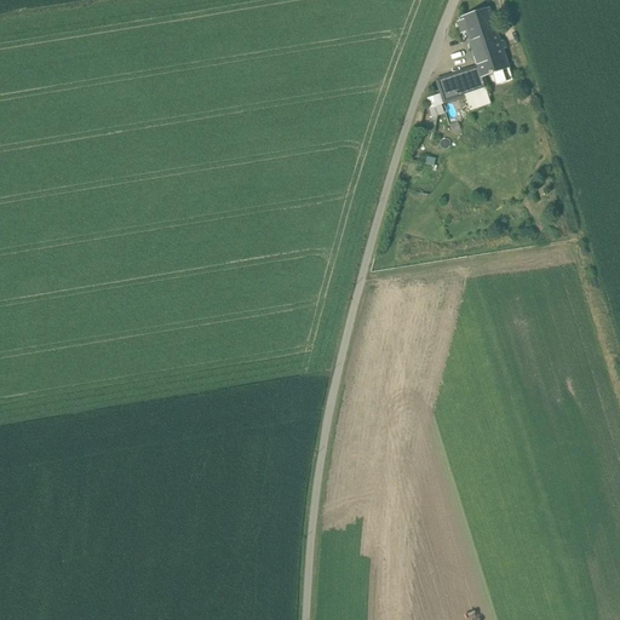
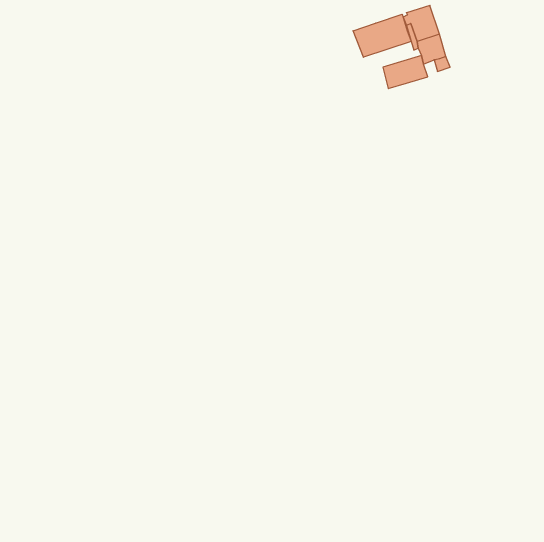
building: none -> [353,14,411,57]

